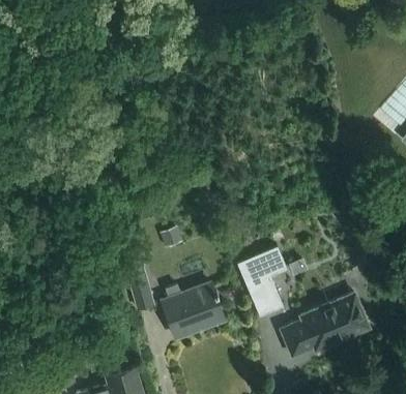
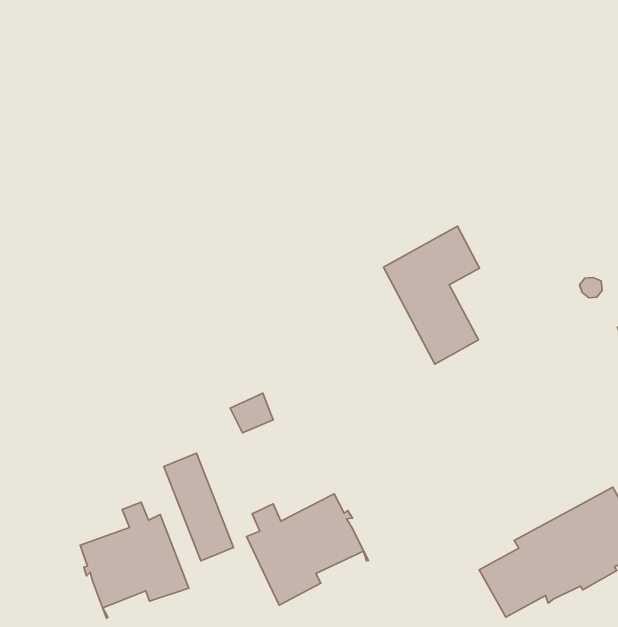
building: [237,246,287,316] -> [384,226,479,364]
building: none -> [80,502,189,618]

